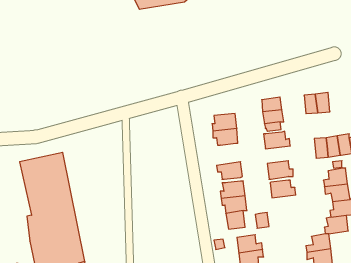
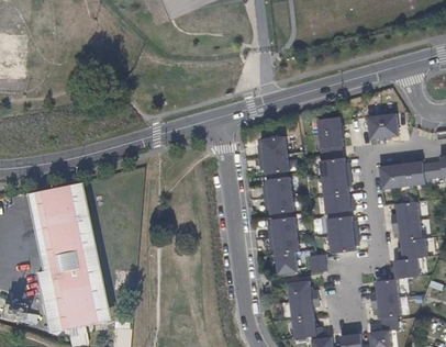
building: none -> [322,175,353,195]
building: none -> [263,176,292,198]
building: none -> [330,233,359,254]

